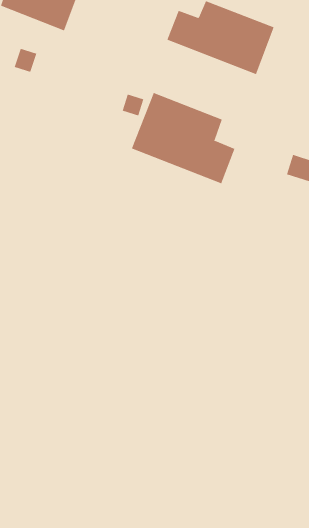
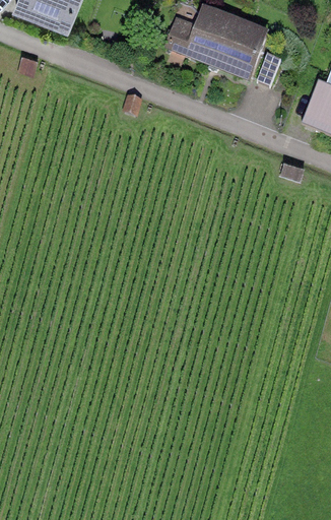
building: [131,92,235,184] -> none

